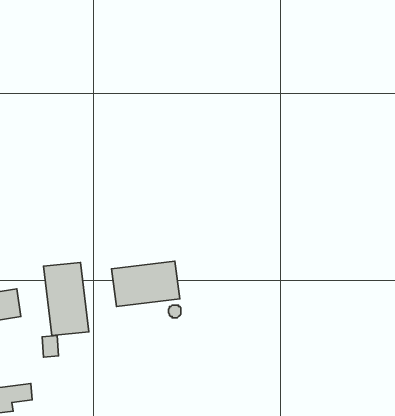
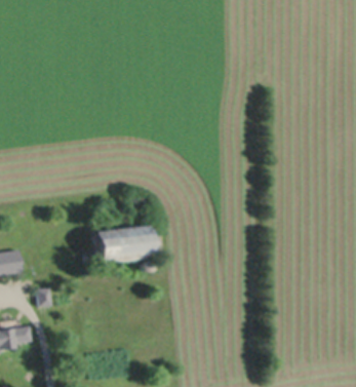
building: [44,262,89,336] -> none

